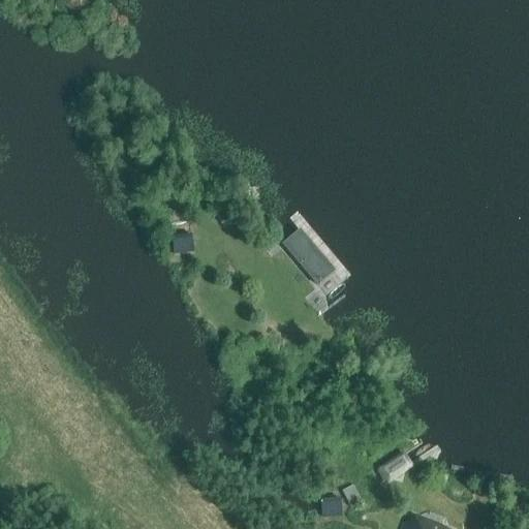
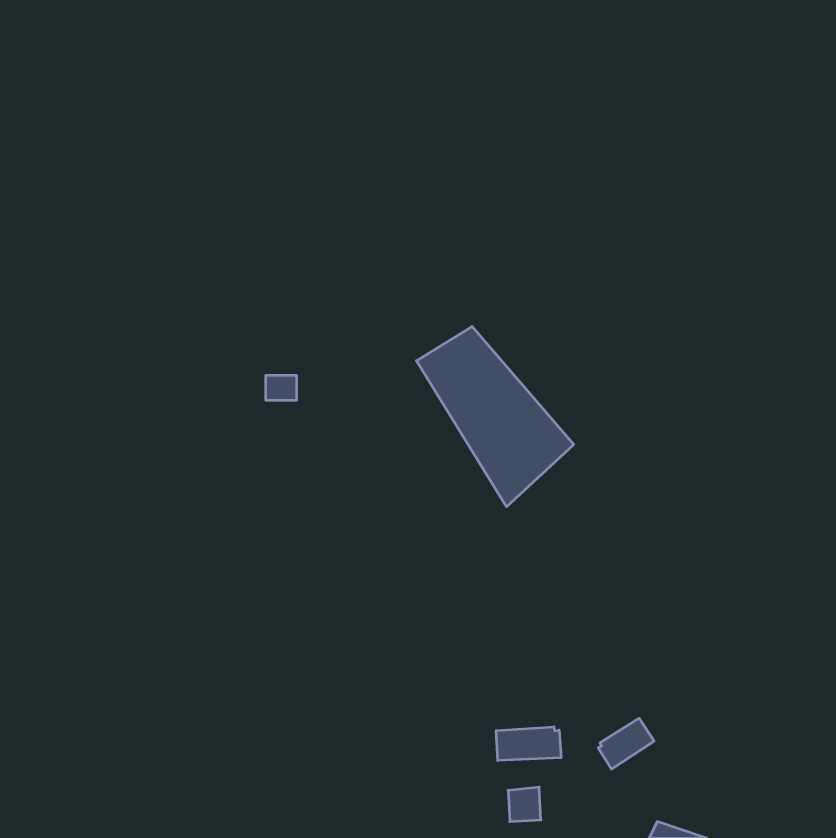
building: none -> [496,727,561,761]

